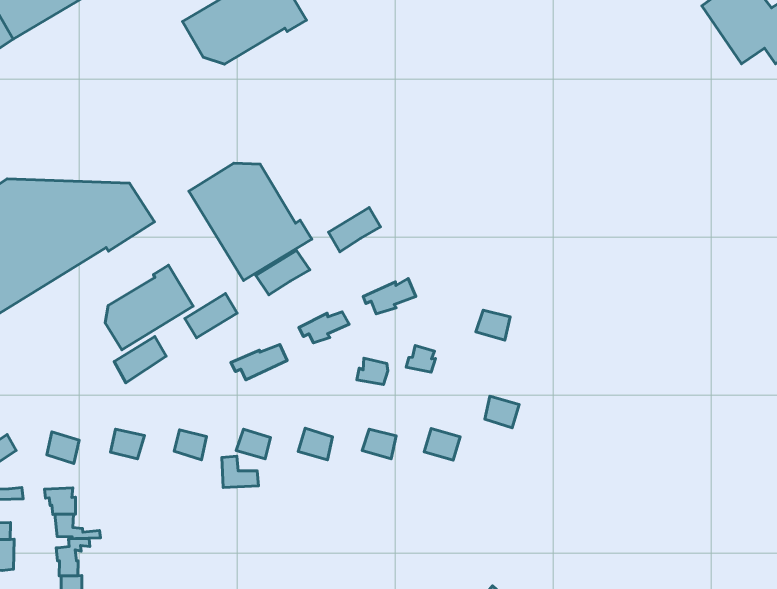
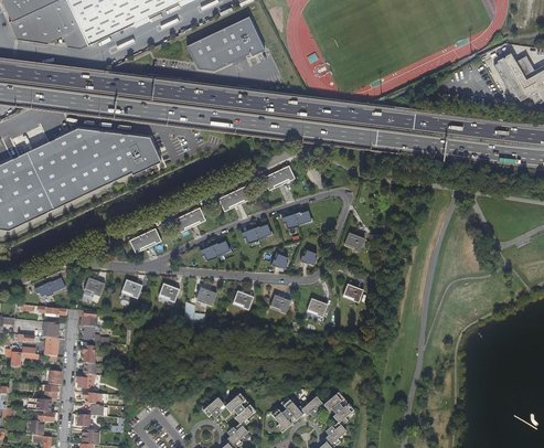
building: [189,163,312,281] -> none
building: [105,265,193,350] -> none

